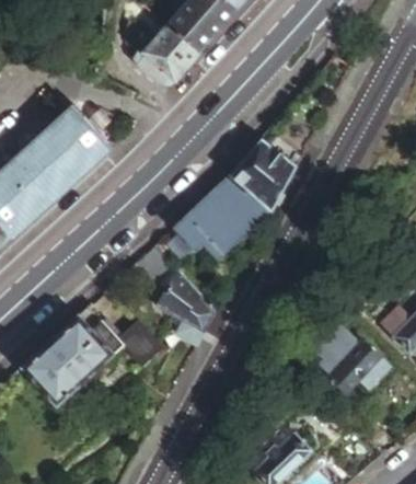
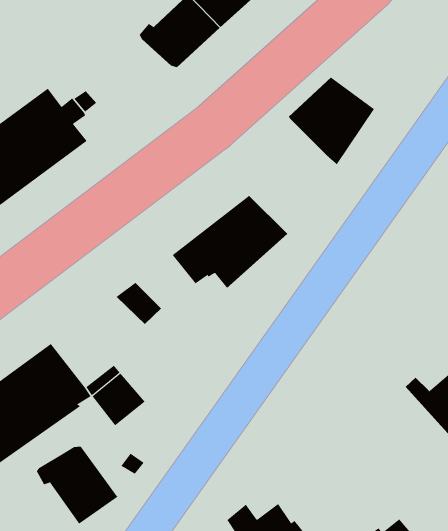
building: [230,145,298,214] -> [288,77,375,165]
building: [158,279,218,343] -> none
building: [317,331,388,393] -> none
building: none -> [36,446,118,525]

